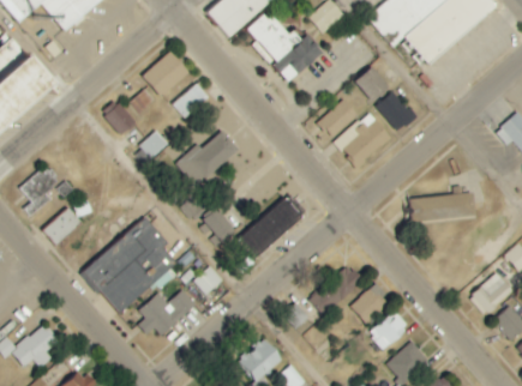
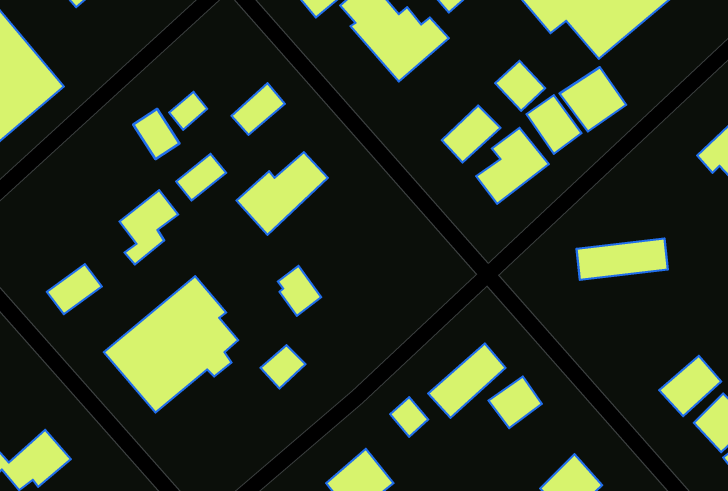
building: [143,52,190,97] -> none
building: none -> [560,67,626,132]
building: [19,165,60,217] -> [119,190,178,264]
building: [238,195,302,259] -> none
building: [136,289,196,336] -> none
building: [368,310,409,349] -> none

